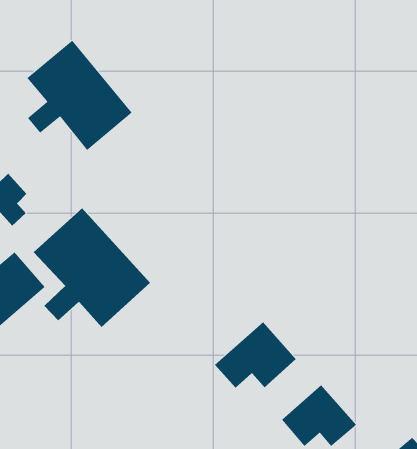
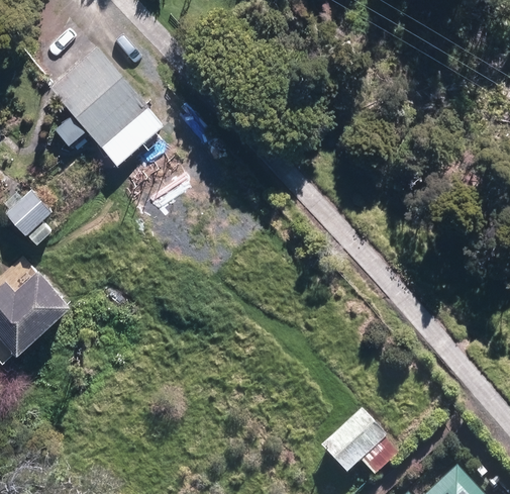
building: [33,207,151,328] -> none
building: [214,321,297,388] -> none

